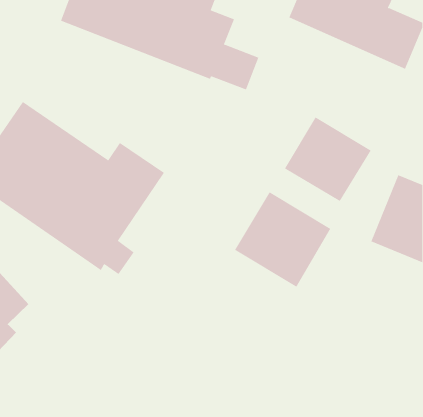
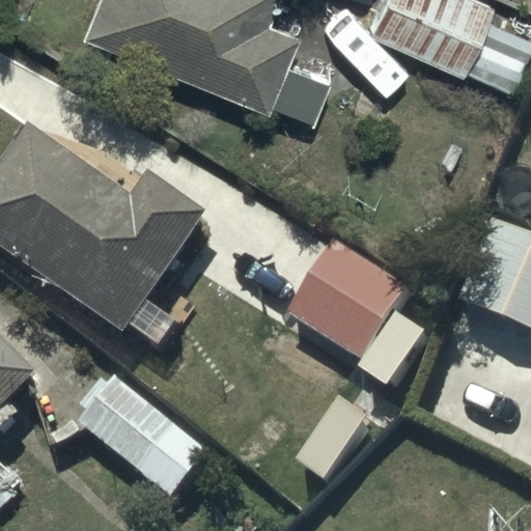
building: [284,116,372,202] -> none
building: none -> [79,375,208,499]

